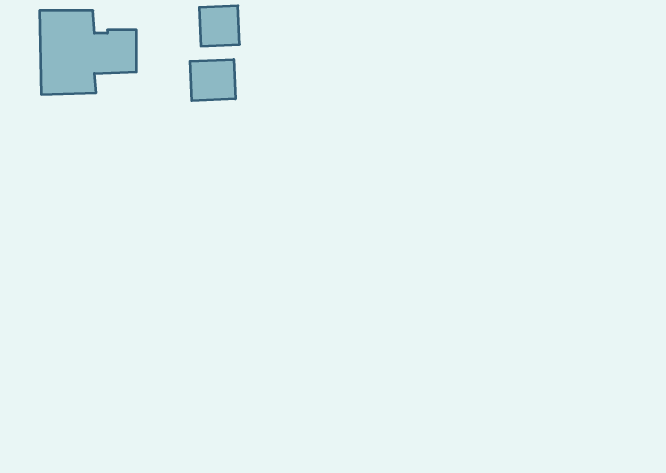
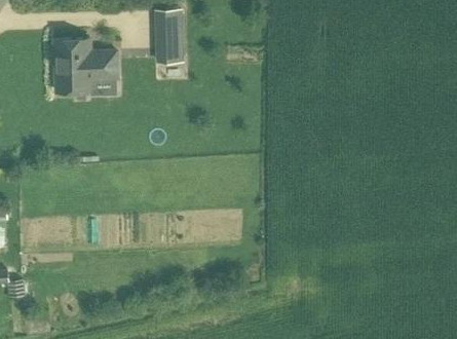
building: [190,59,235,101] -> none

